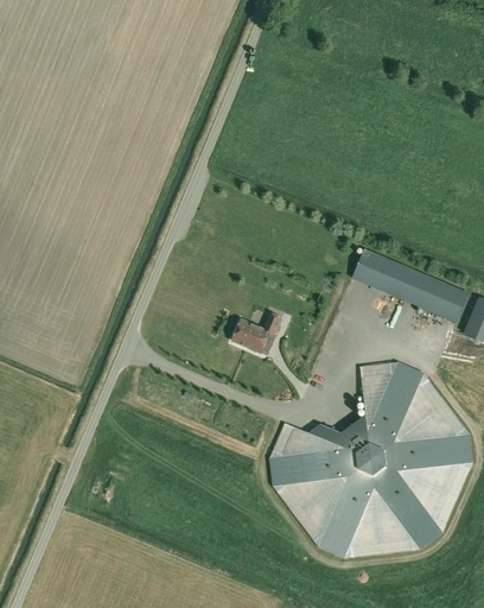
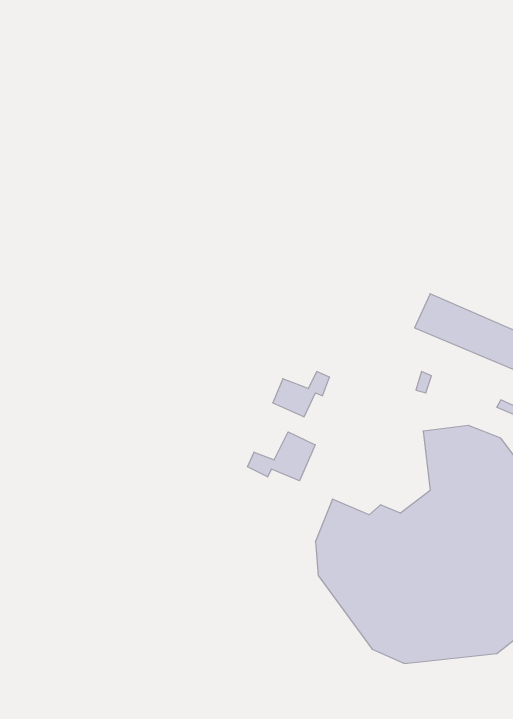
building: none -> [248,432,315,481]

